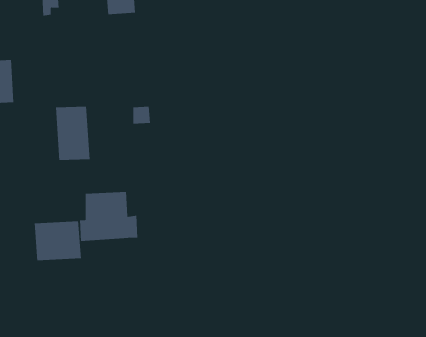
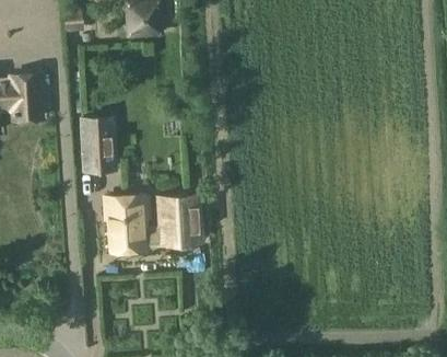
building: none -> [157,195,202,247]
building: [34,221,81,261] -> none

